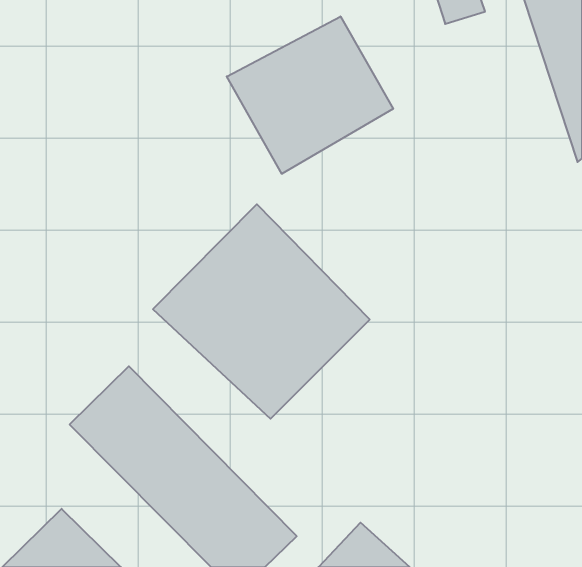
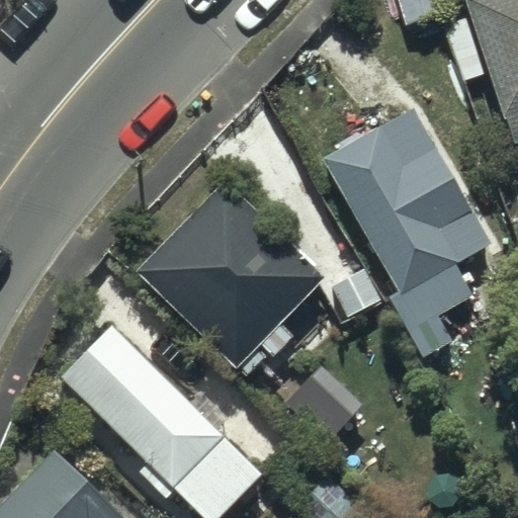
building: [227,16,393,174] -> none
building: none -> [326,110,492,297]

